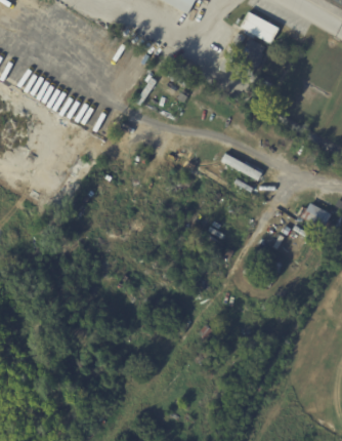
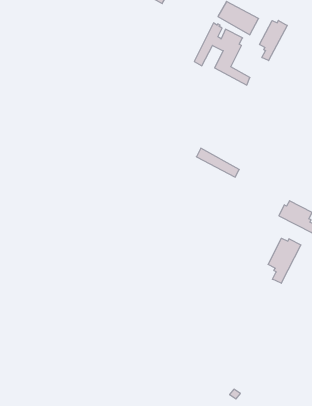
building: none -> [260,20,287,61]
building: none -> [268,238,301,283]

